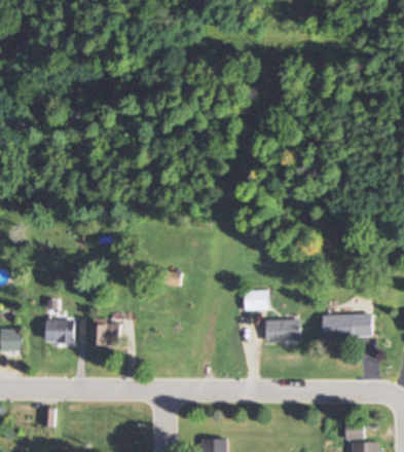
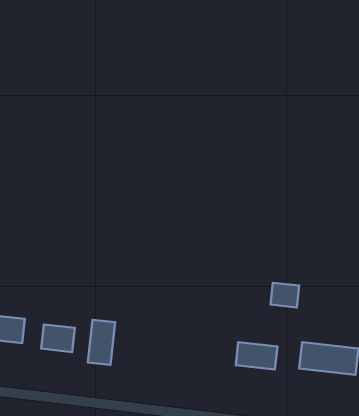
building: [243,291,266,310] -> [270,283,299,307]
building: none -> [88,320,115,365]

